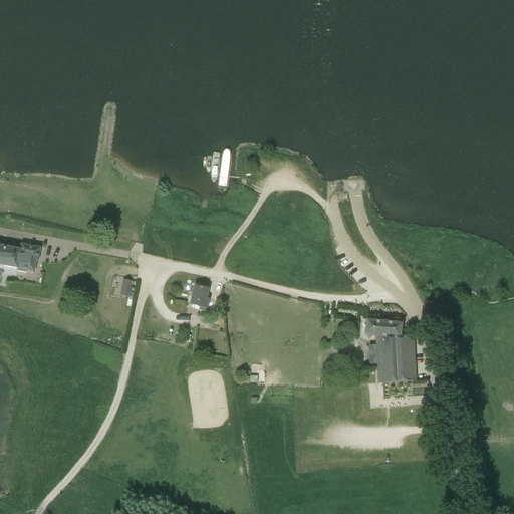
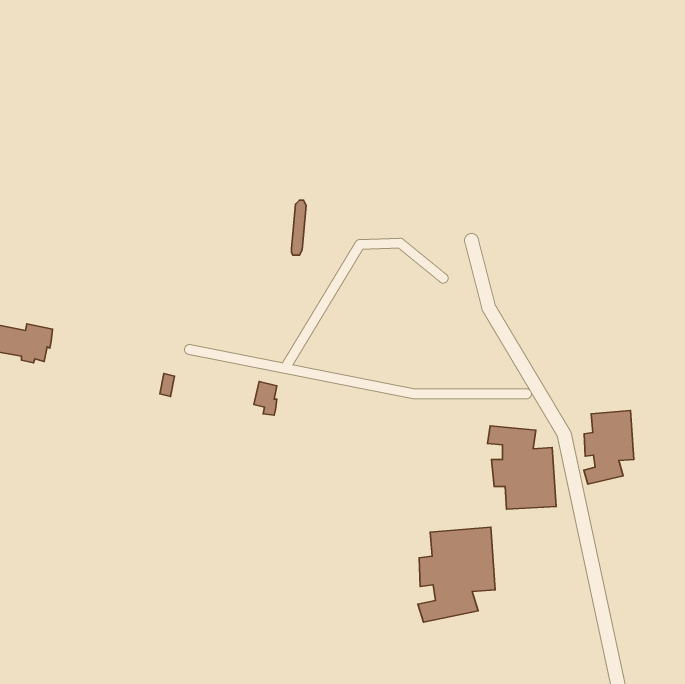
building: none -> [584,410,634,484]
building: none -> [418,527,495,622]

